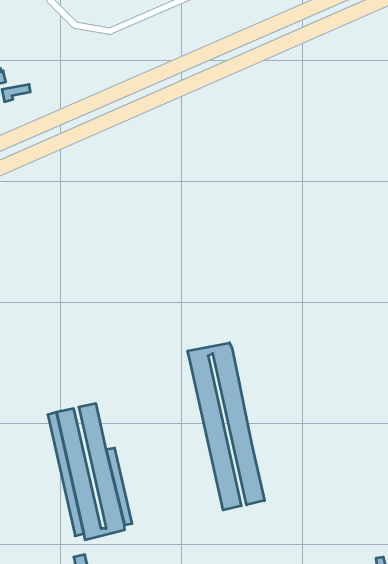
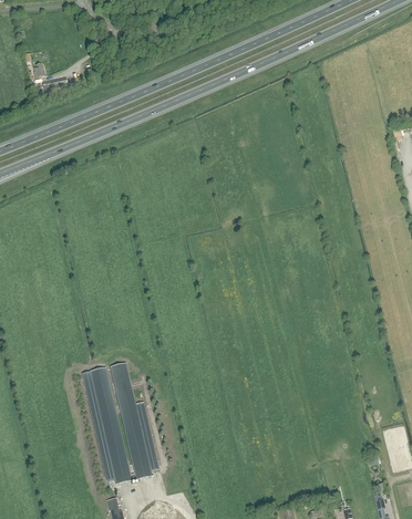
building: [188,343,265,510] -> none

